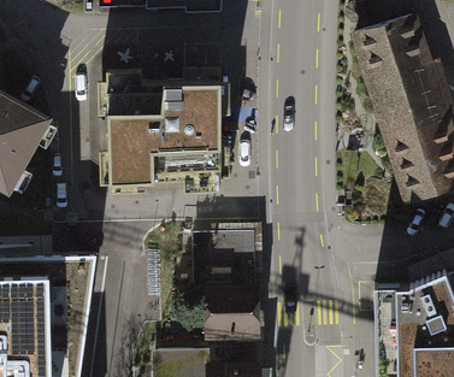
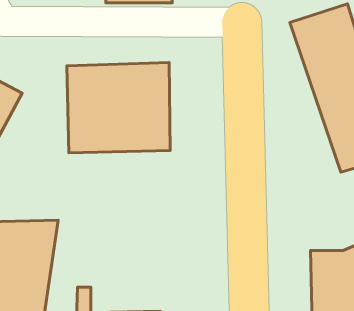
building: [191,232,259,341] -> none

